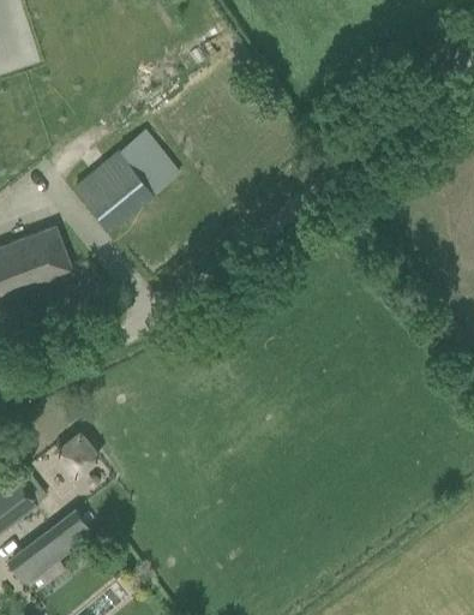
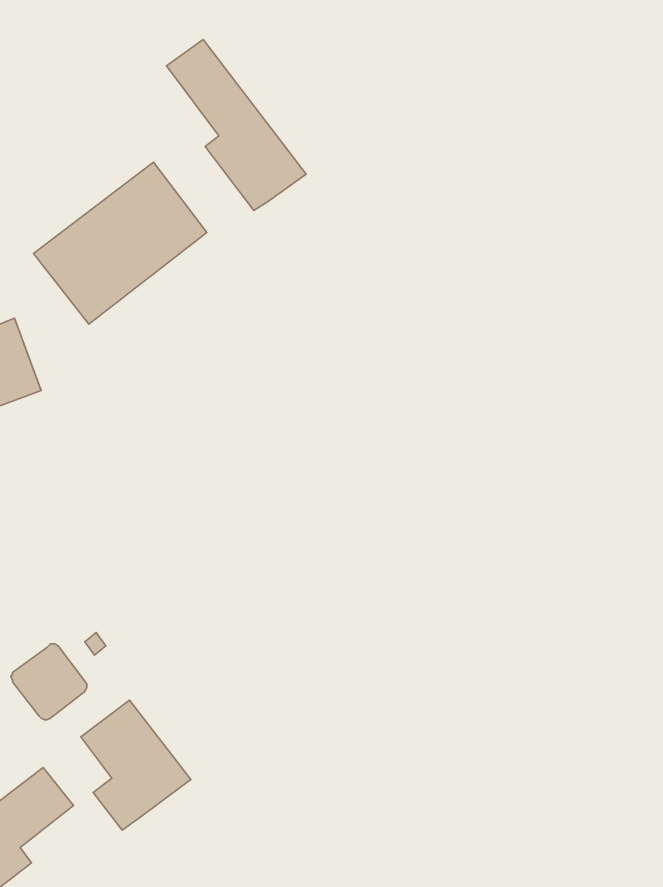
building: none -> [167,39,306,211]
building: none -> [81,700,191,830]

